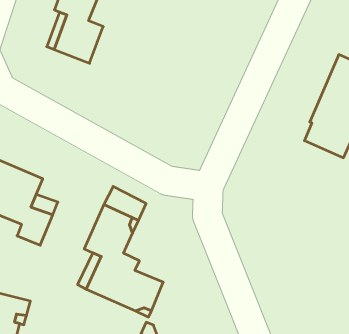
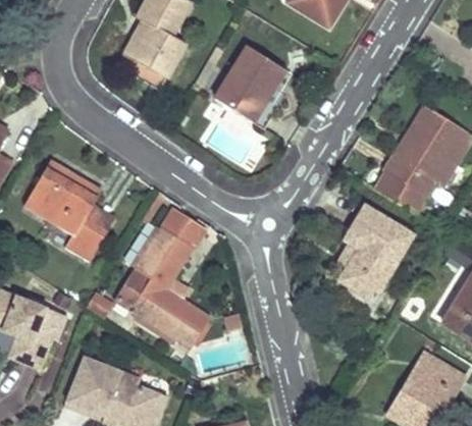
building: none -> [214,46,284,122]
building: none -> [340,207,411,299]

